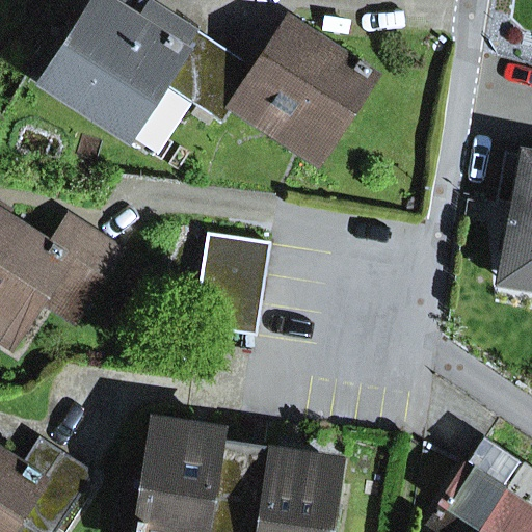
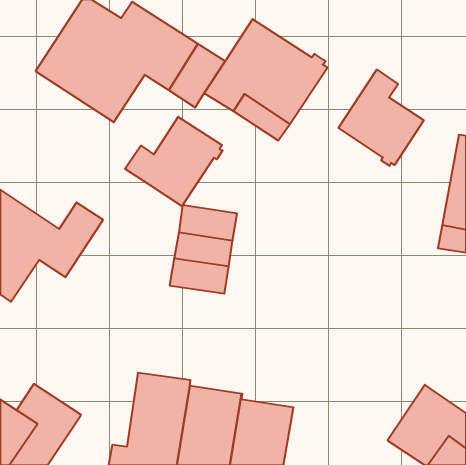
building: none -> [339,70,424,166]
building: none -> [125,117,223,206]

